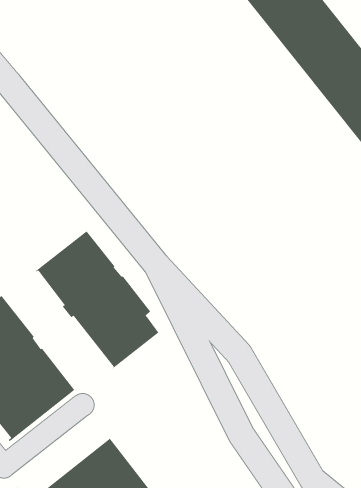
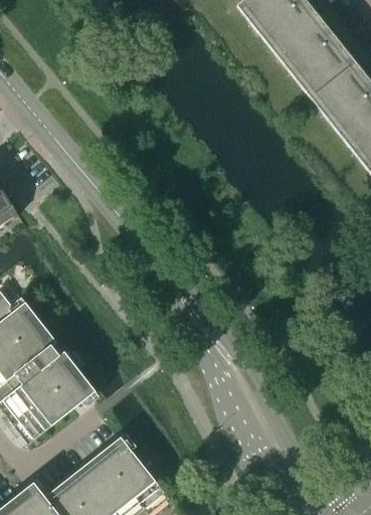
building: [35,231,159,369] -> none

